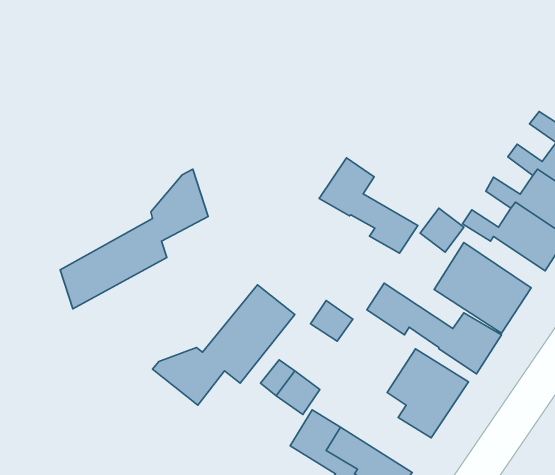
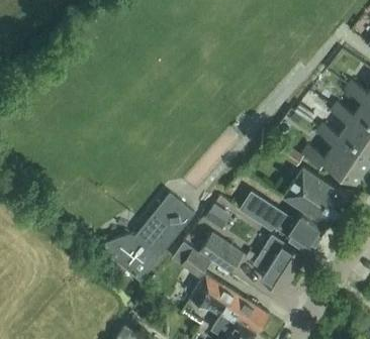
building: [319,158,418,253] -> none
building: [60,169,208,309] -> none
building: none -> [198,233,242,272]

